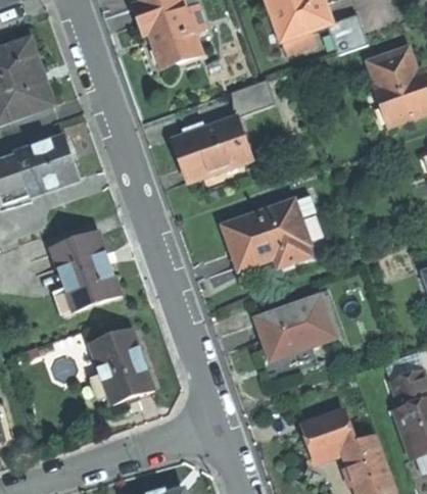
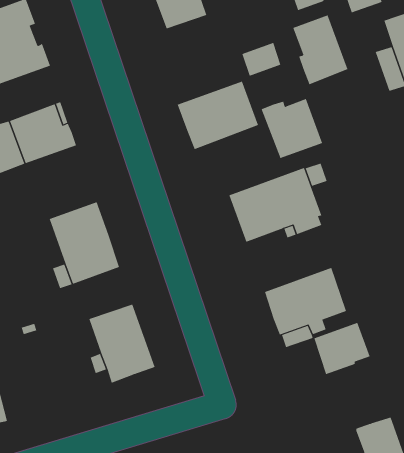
building: none -> [292,15,348,85]
building: none -> [261,98,323,159]
building: [302,408,357,458] -> [314,322,371,375]

